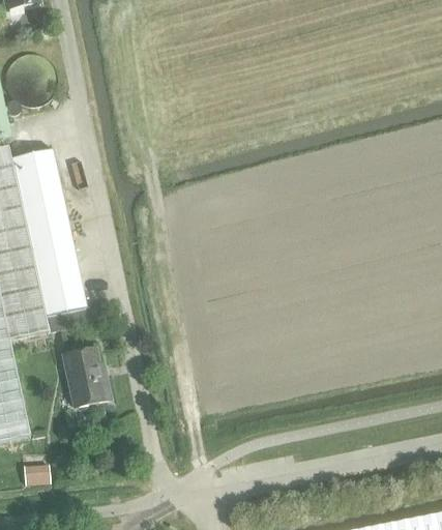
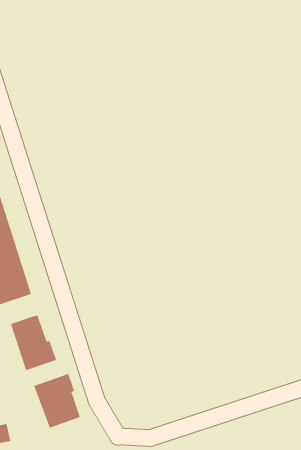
building: none -> [33,373,80,428]

